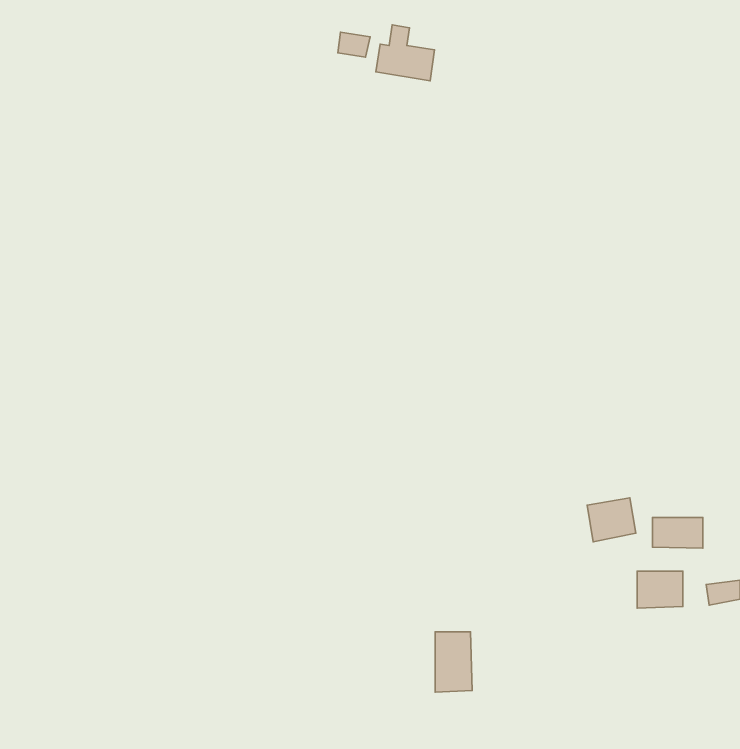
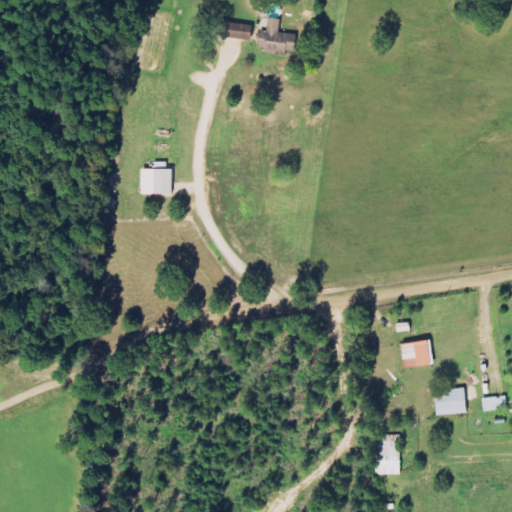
building: none -> [140,168,172,194]
building: [652,517,703,548] -> none
building: [435,632,472,692] -> [375,434,400,475]

